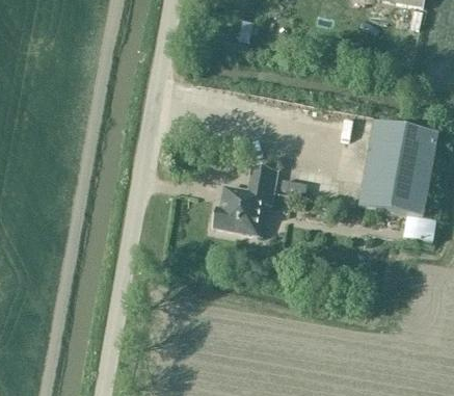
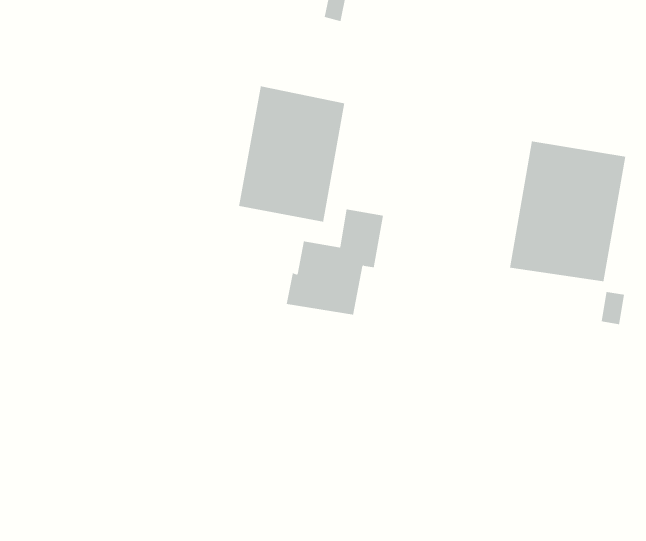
building: none -> [239,85,345,223]

